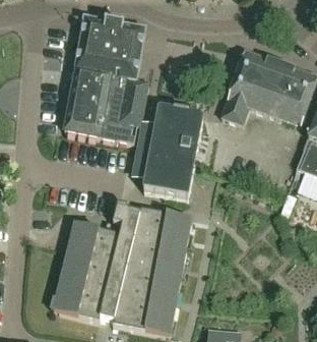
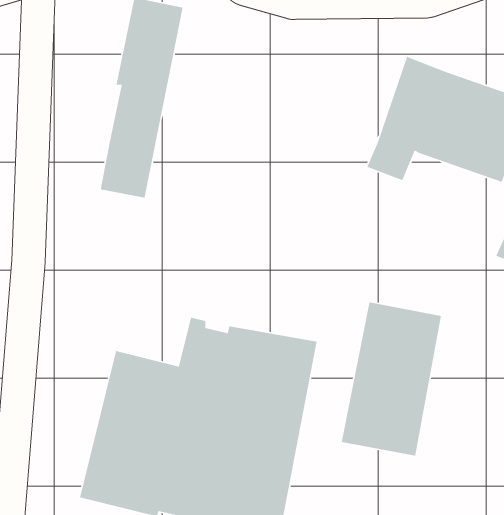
building: [90,23,147,144] -> none
building: [142,108,201,198] -> [341,302,442,457]

